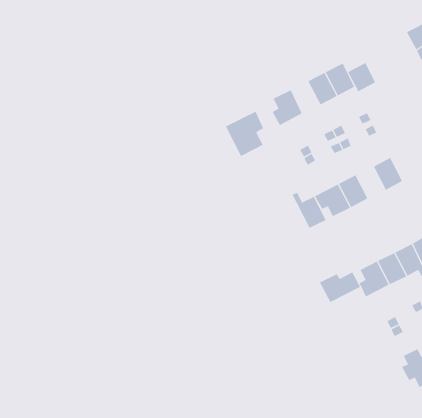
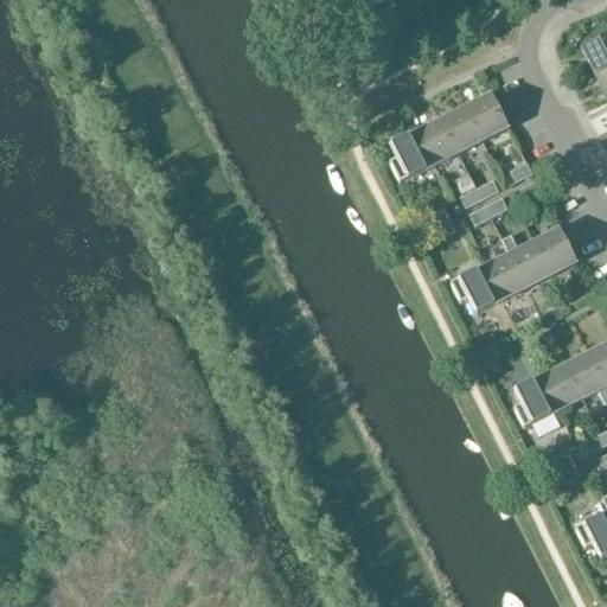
building: [348,62,376,92] -> none
building: none -> [418,116,460,162]
building: [225,111,264,157] -> none
building: [292,192,327,228] -> [504,232,554,285]
building: [319,271,361,303] -> none

